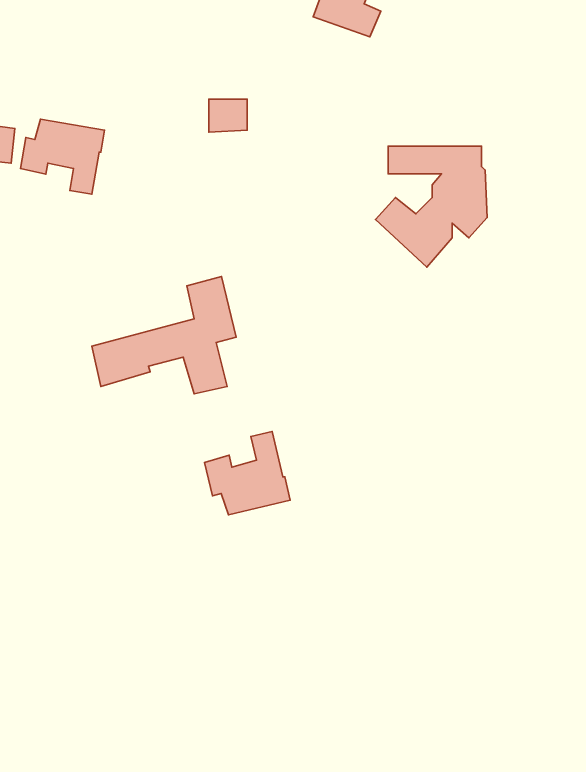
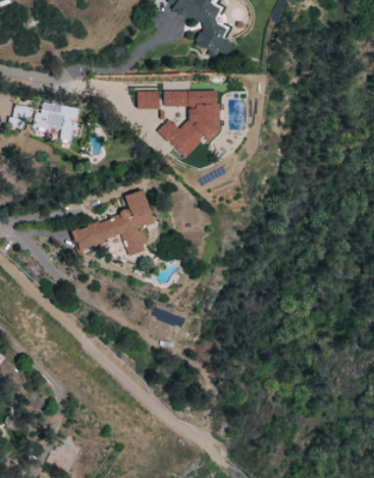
building: [375,146,487,267] -> [158,91,220,158]
building: [204,432,290,515] -> none

